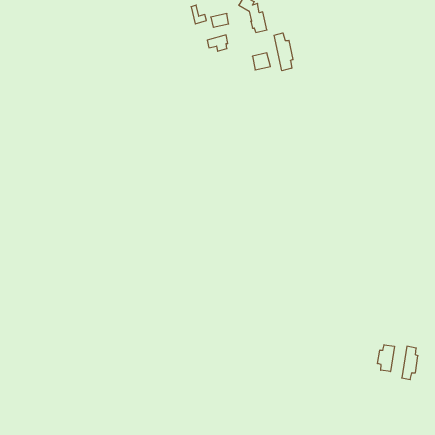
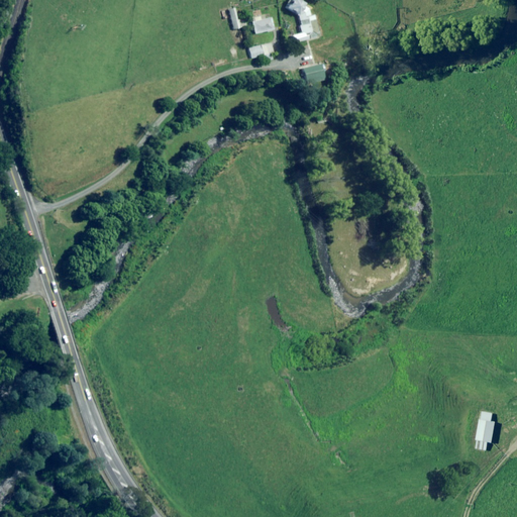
building: [274,33,293,71] -> none
building: [377,345,394,372] -> none

